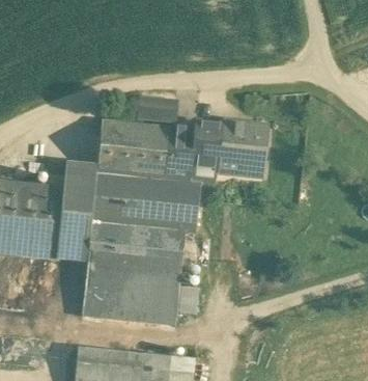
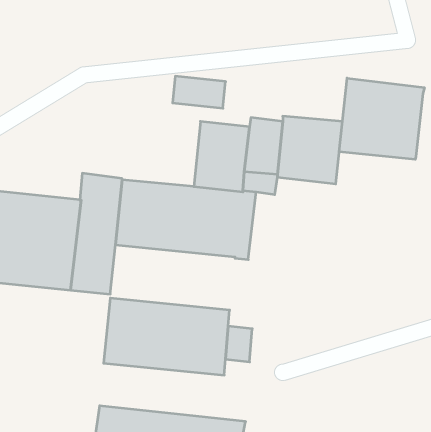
building: none -> [339,78,424,159]
building: [96,121,158,178] -> none
building: [87,223,185,274] -> none

